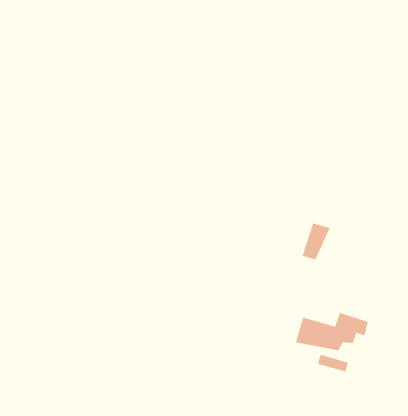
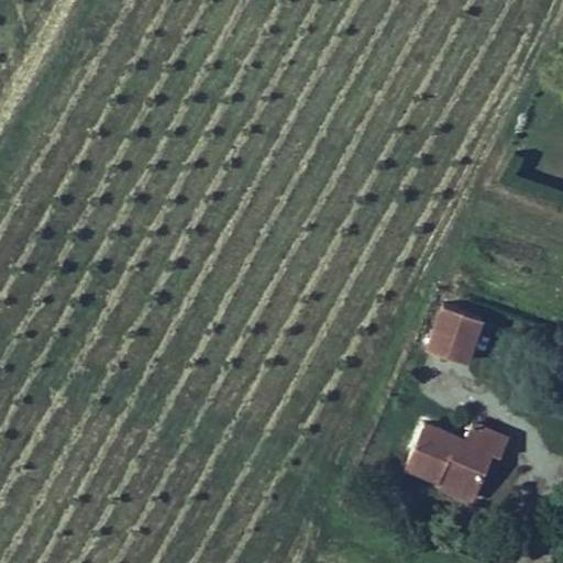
building: none -> [439,311,474,361]
building: none -> [408,464,489,490]

